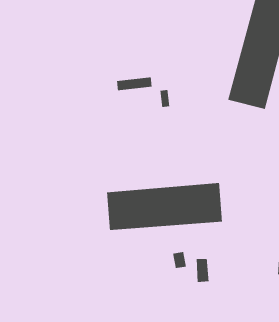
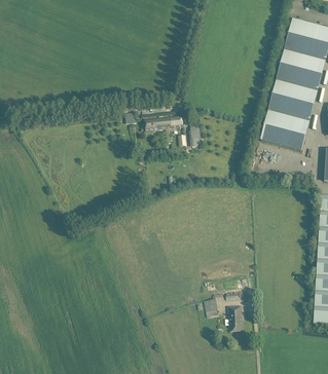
building: [106,182,223,231] -> none

